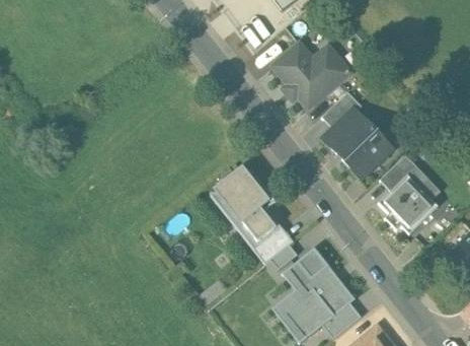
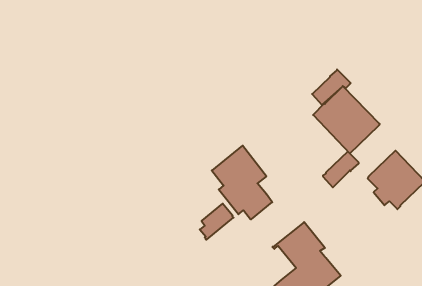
building: [272,44,350,108] -> none
building: [380,154,416,191] -> [323,152,359,187]
building: [258,227,293,264] -> [200,204,234,239]

